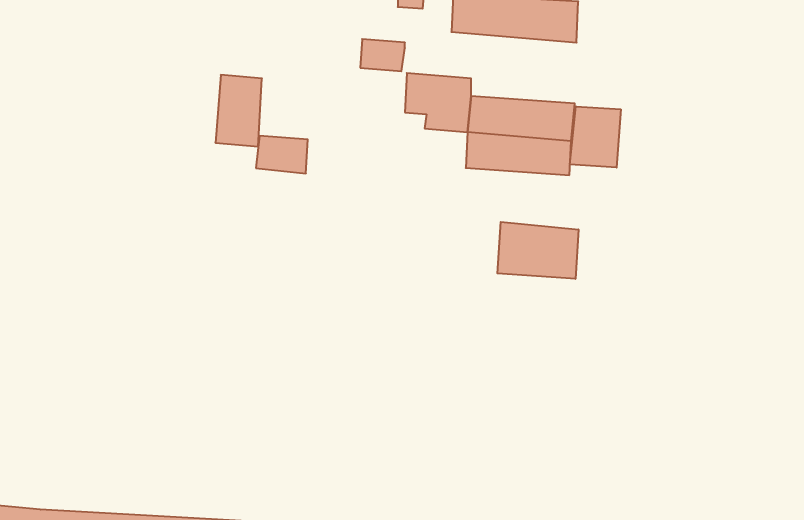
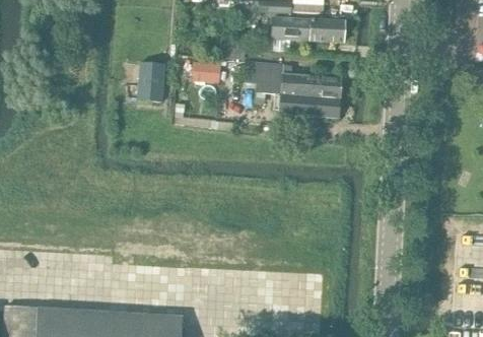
building: [570,106,621,168] -> none
building: [256,136,308,173] -> [192,61,221,82]
building: [497,222,578,279] -> none

